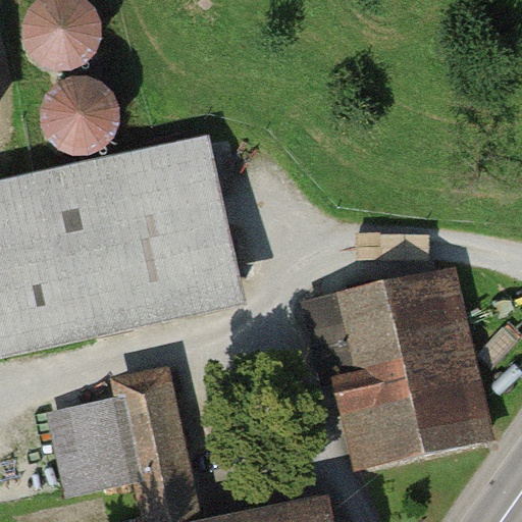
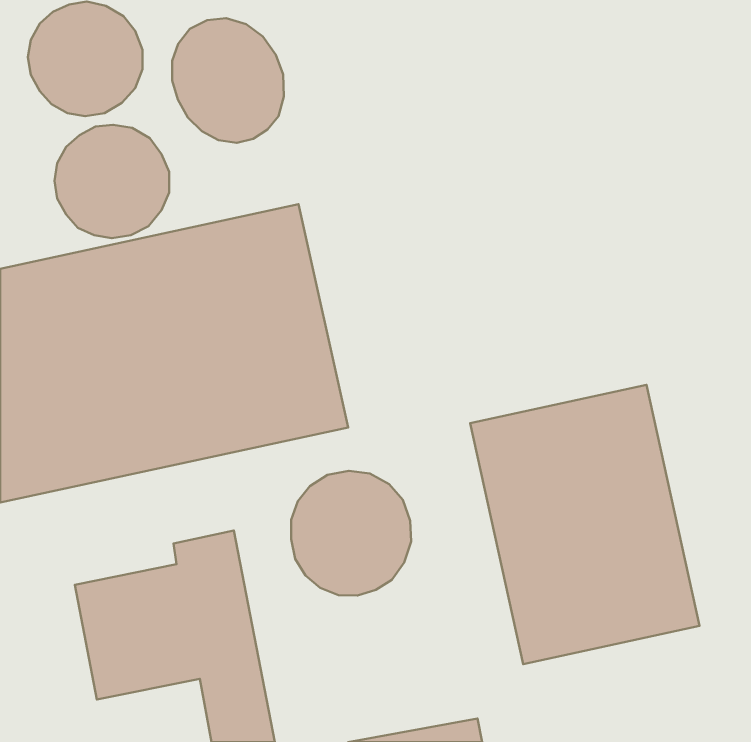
building: none -> [172,18,284,143]
building: none -> [291,471,411,595]

